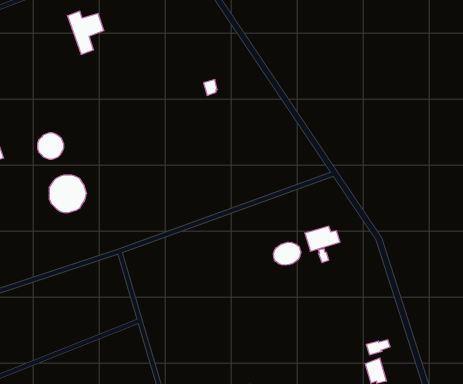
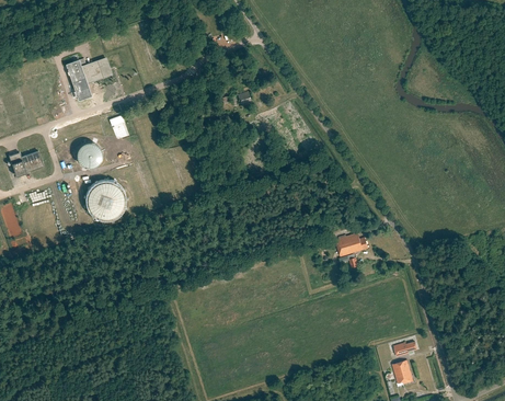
building: [67,11,104,54] -> [66,59,101,101]
building: [274,242,301,265] -> none

